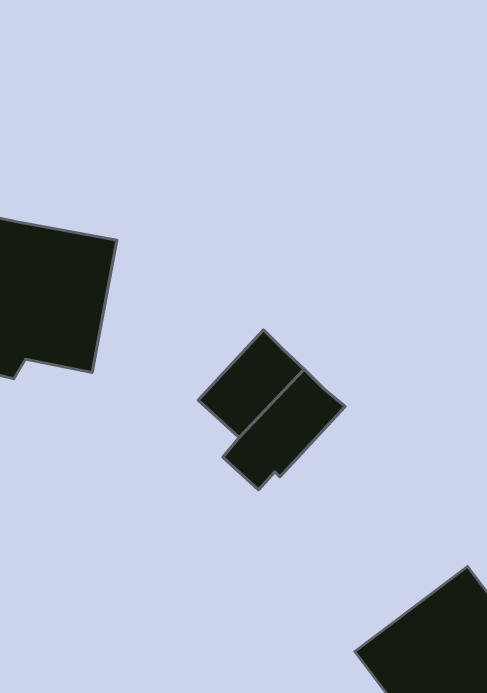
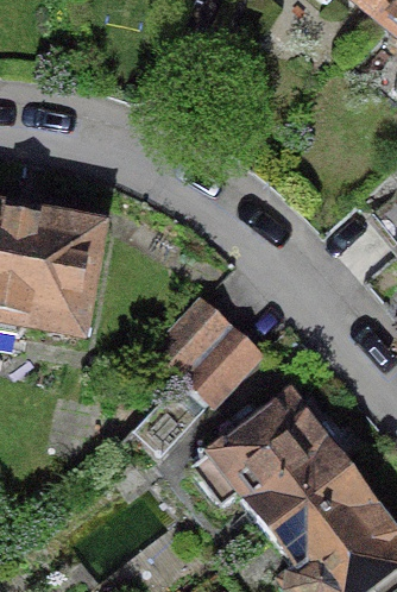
building: none -> [195,390,353,529]

